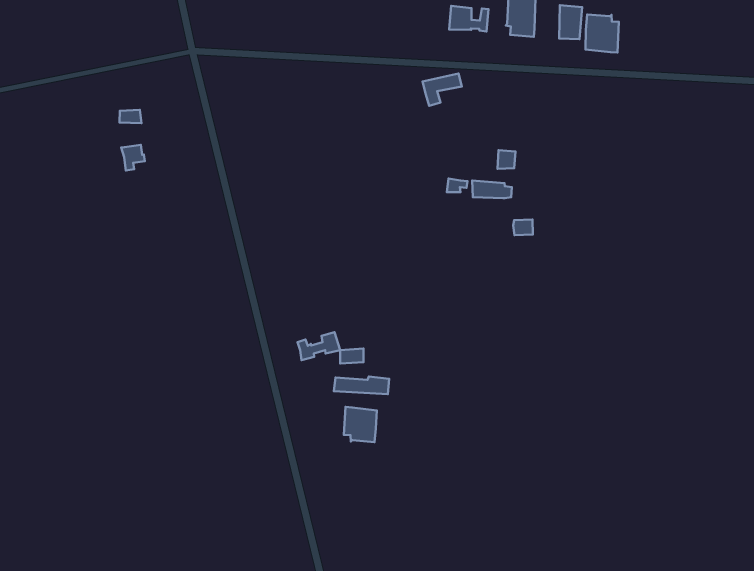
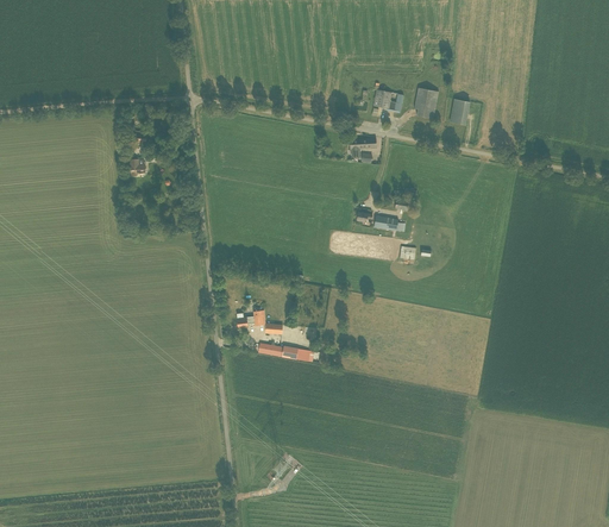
building: [585,15,619,53] -> none
building: [344,407,377,442] -> none

